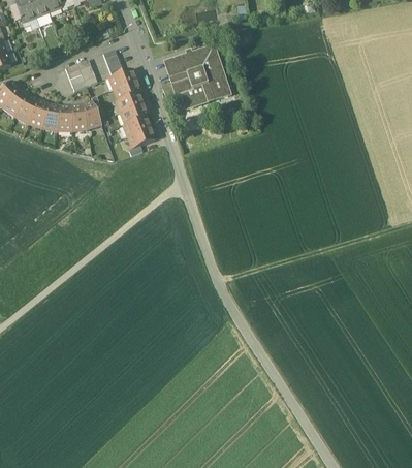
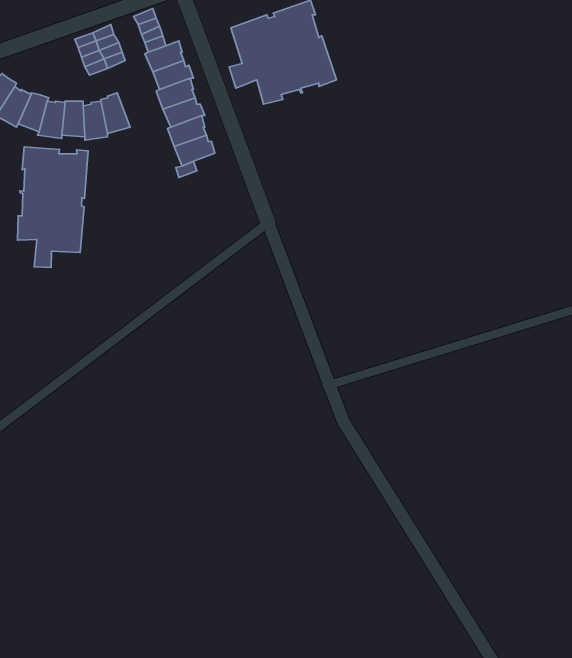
building: none -> [18,147,88,267]

